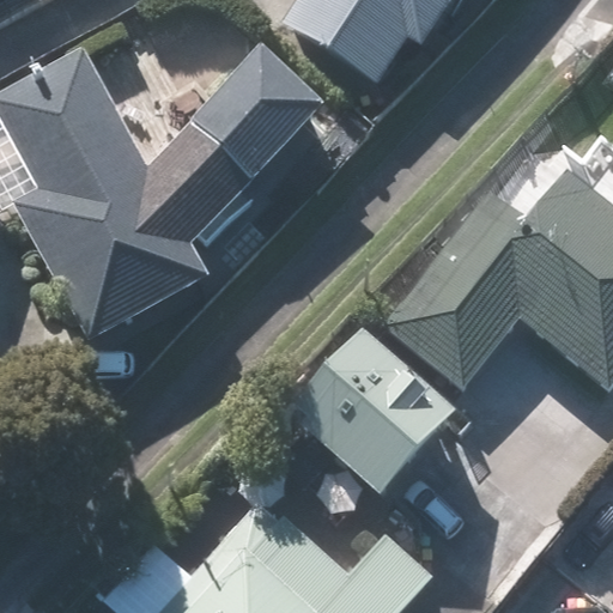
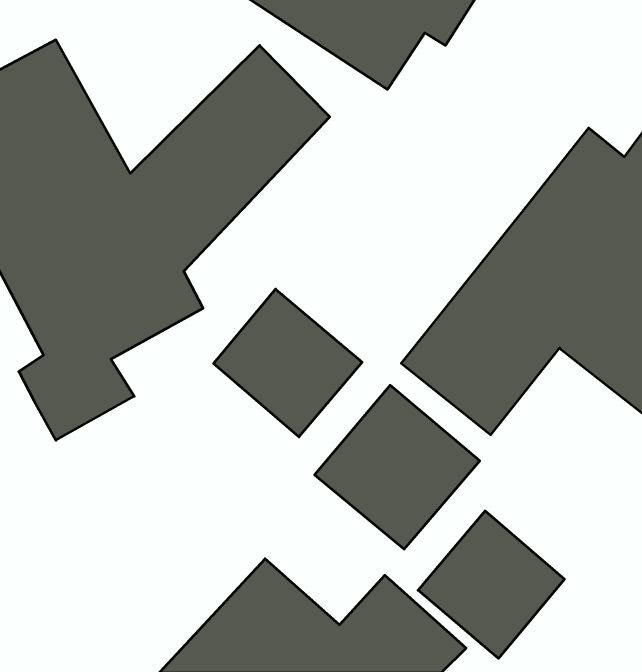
building: none -> [214,289,362,437]
building: none -> [418,511,564,658]

